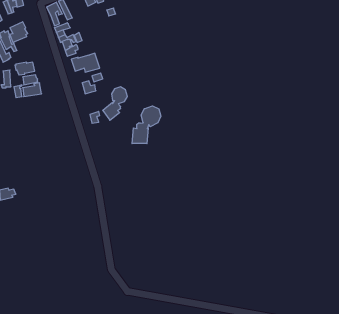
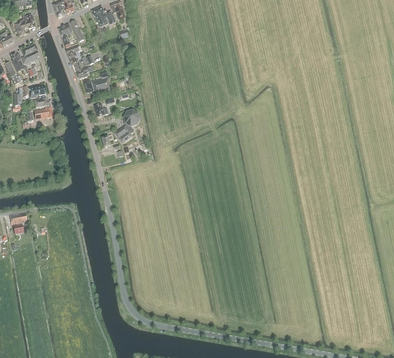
building: [132,106,161,144] -> none

